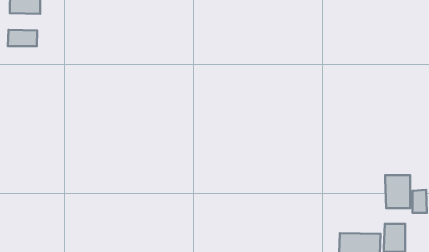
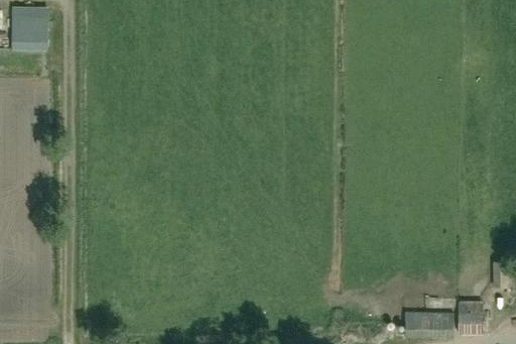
building: [8,30,37,46] -> none
building: [385,175,410,208] -> none

